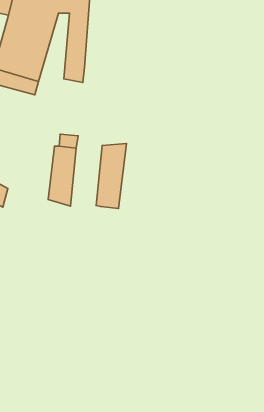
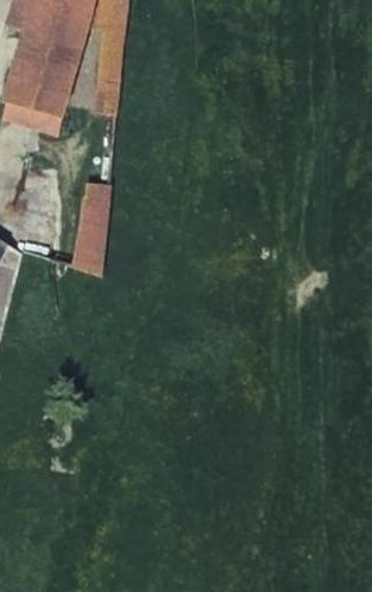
building: [96,144,126,208] -> none

